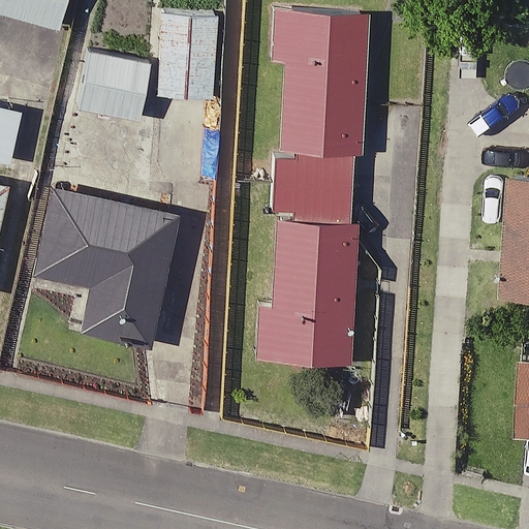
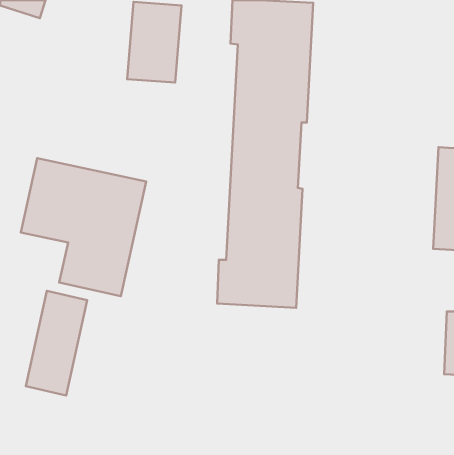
building: [76,52,150,121] -> none
building: none -> [26,291,87,396]

